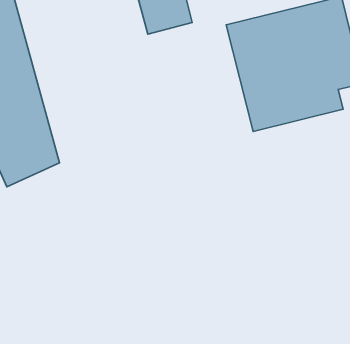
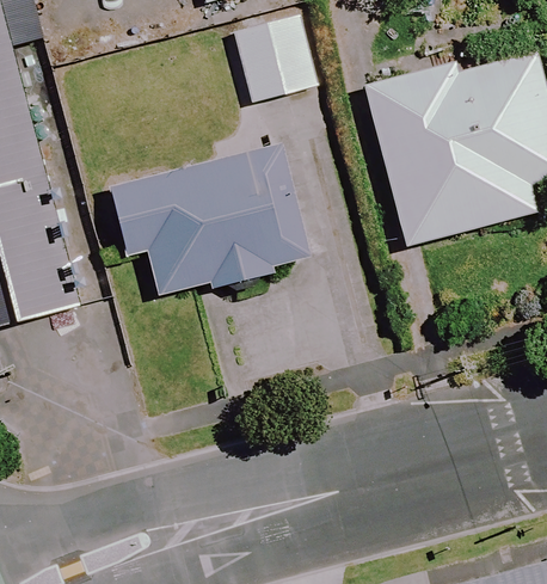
building: none -> [106,147,306,297]

